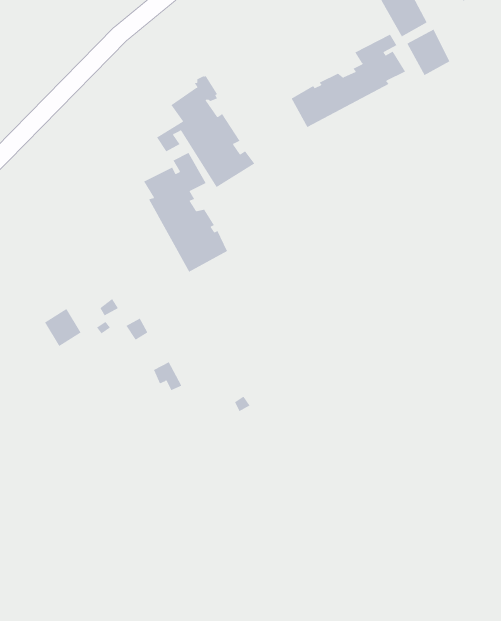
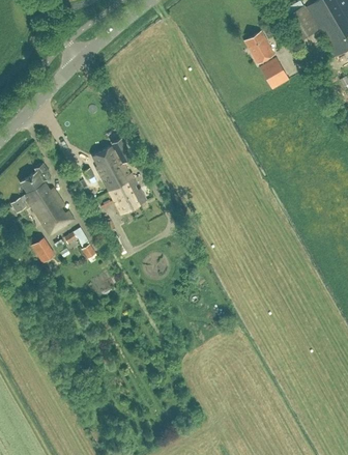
building: [291,34,406,128] -> none
building: [156,76,255,188] -> [10,164,74,235]

